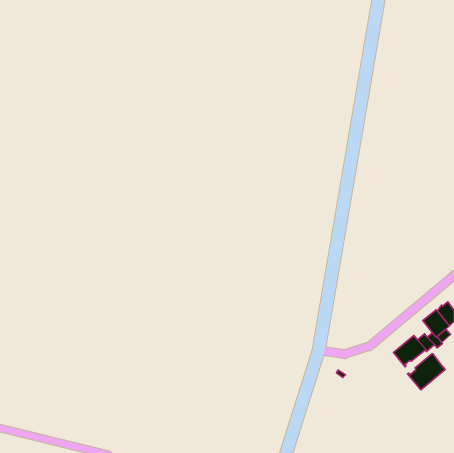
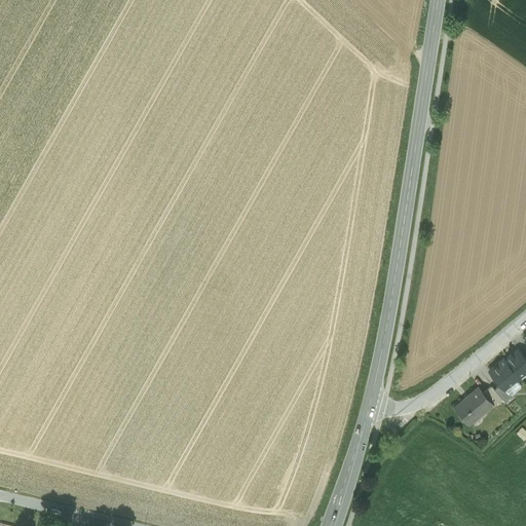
building: [408,354,445,390] -> none

